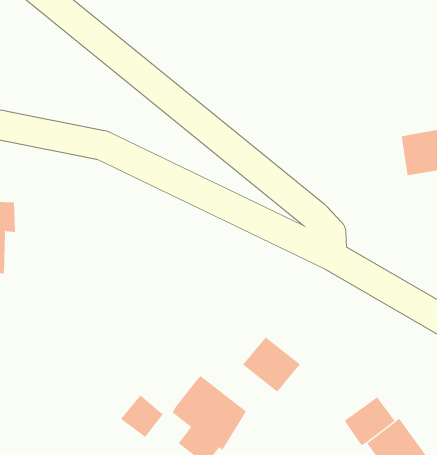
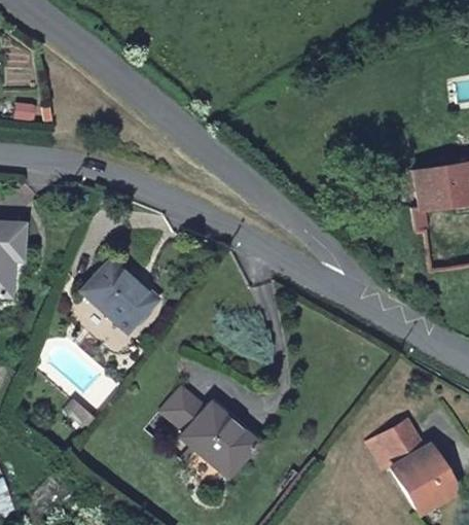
building: none -> [89,256,164,330]
building: [242,337,301,392] -> none
building: [120,394,164,438] -> [163,388,207,432]

